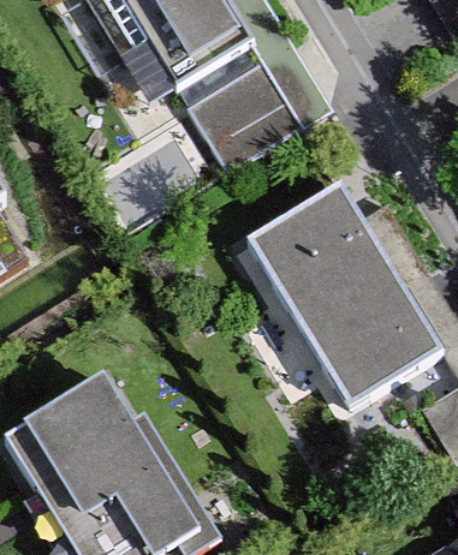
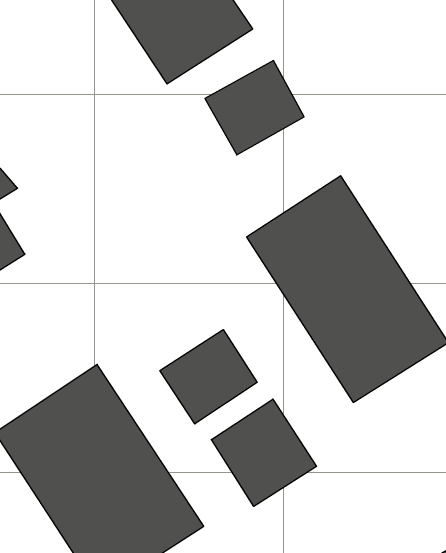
building: none -> [160,330,257,424]
building: none -> [211,399,316,506]

